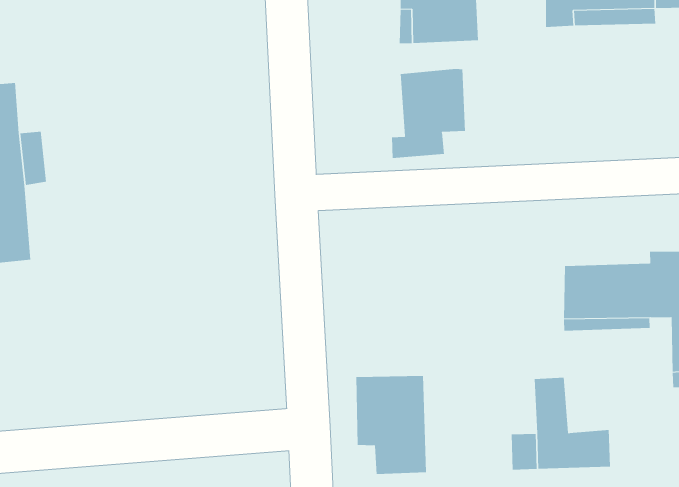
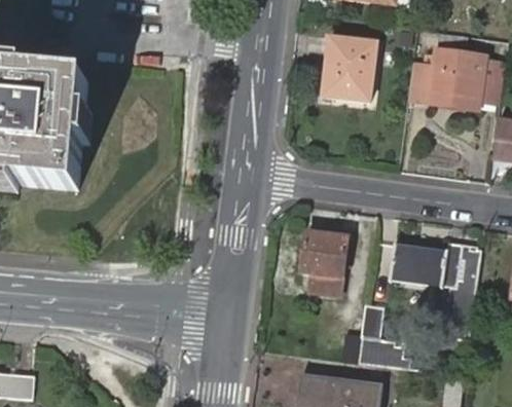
building: [391,68,466,159] -> none
building: [355,375,427,475] -> [301,231,349,296]

